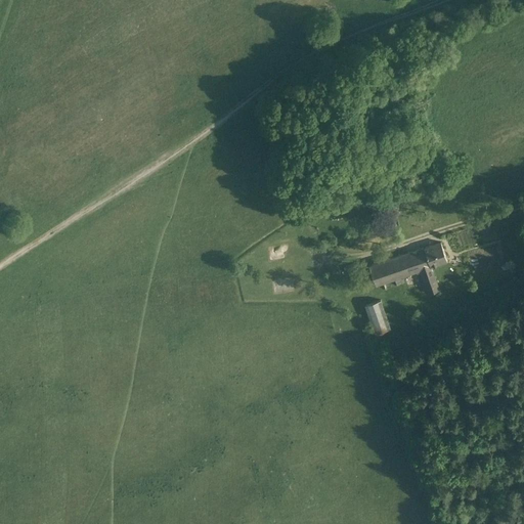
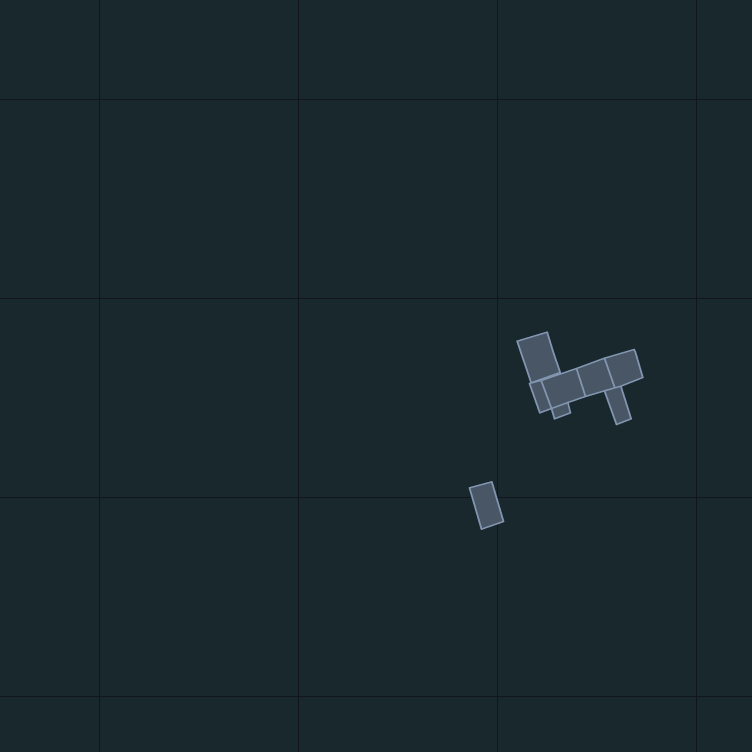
building: none -> [517,332,560,383]
building: [364,303,388,336] -> [470,482,503,529]

